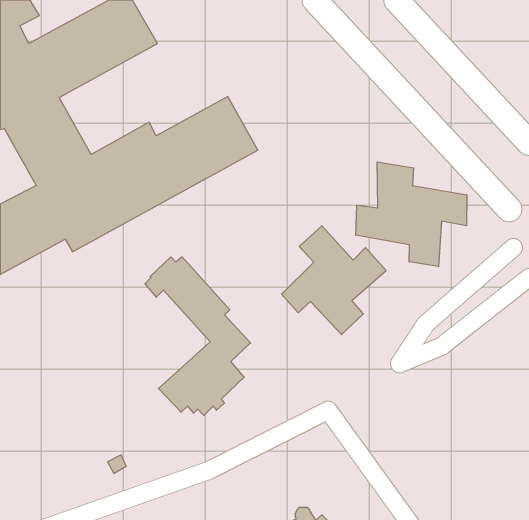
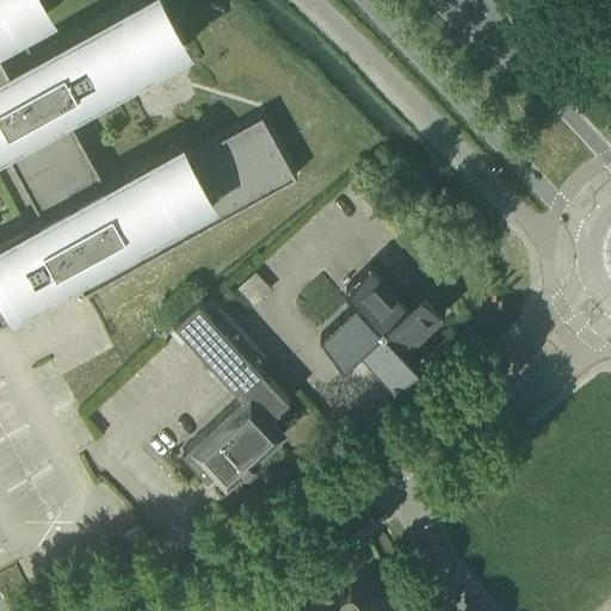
building: [356,162,467,267] -> none

